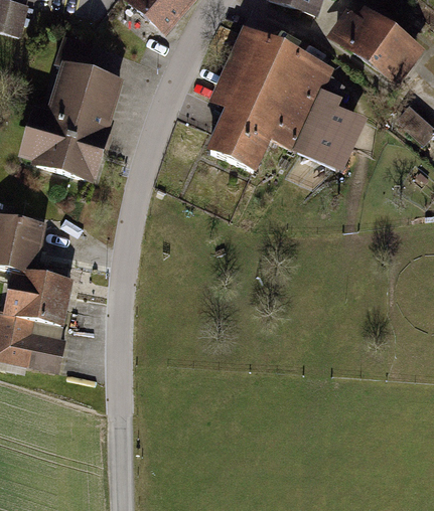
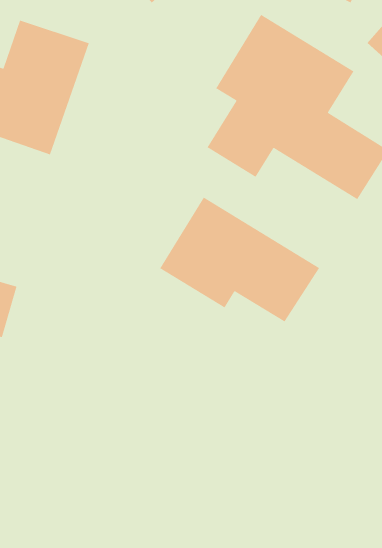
building: none -> [159,196,320,323]

